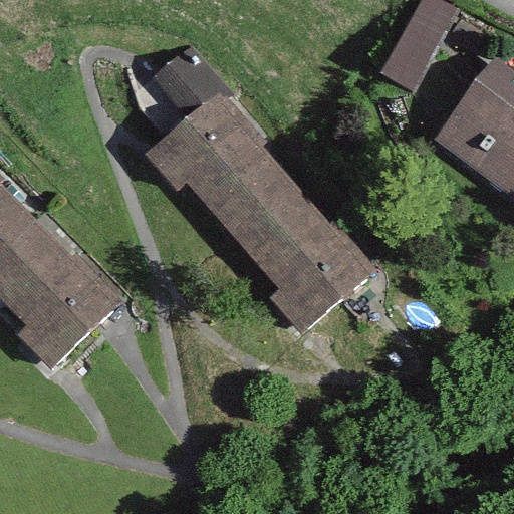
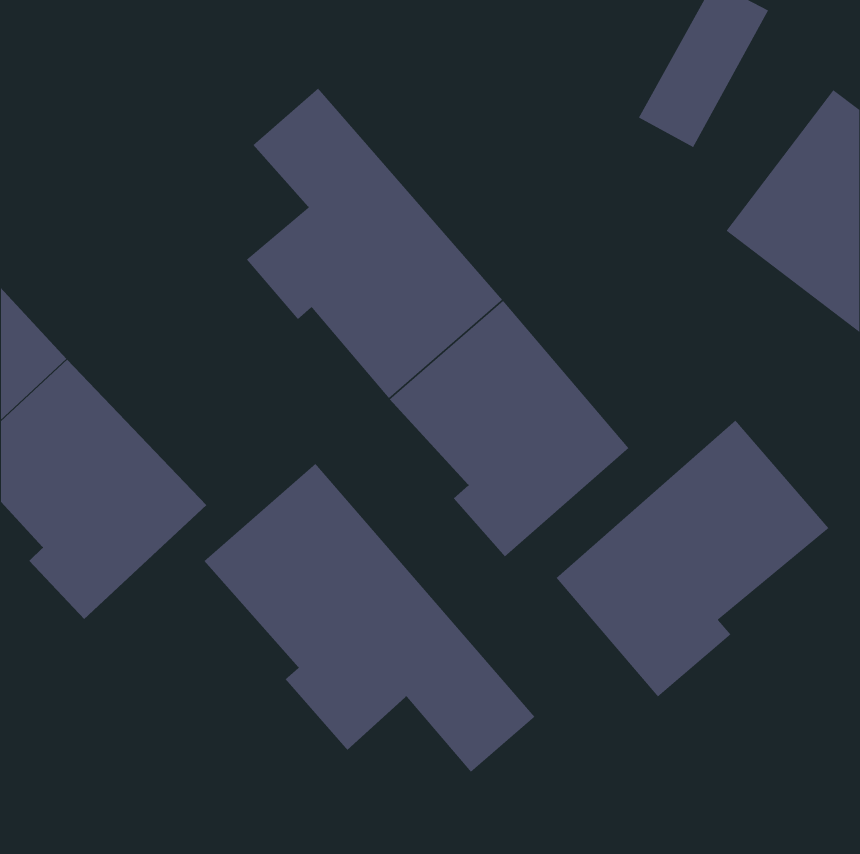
building: none -> [556,420,830,698]
building: none -> [203,463,535,773]

